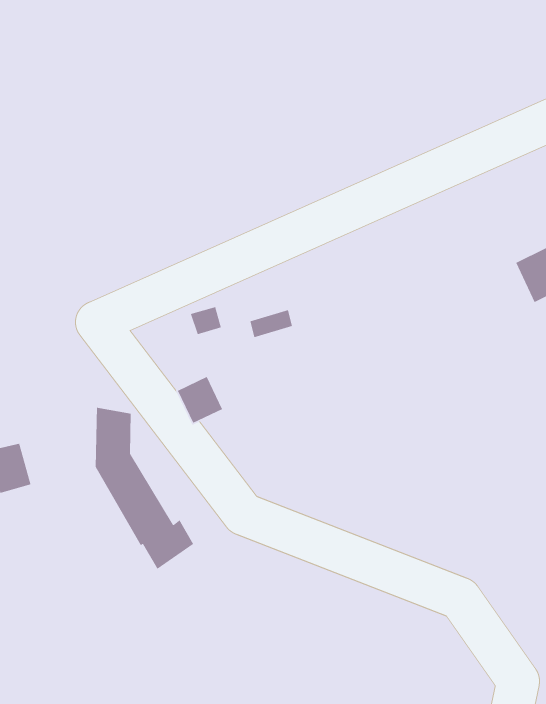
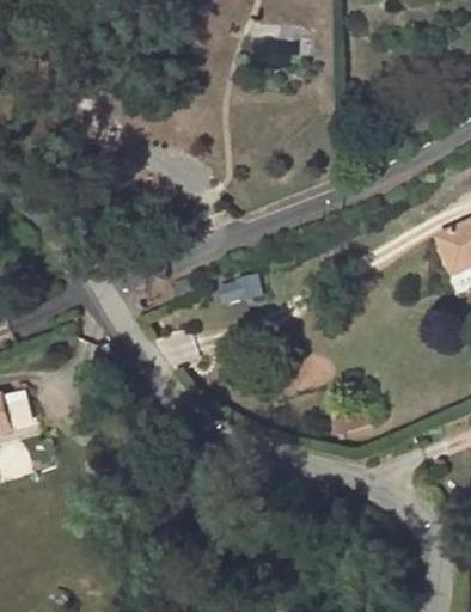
building: [95,407,194,570] -> none

